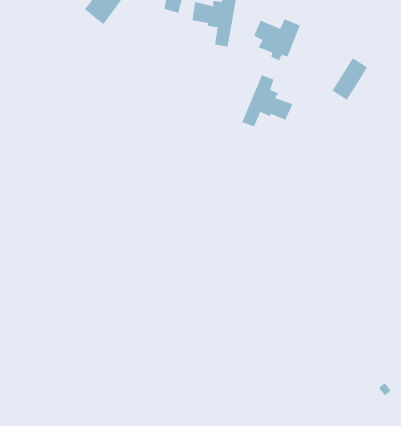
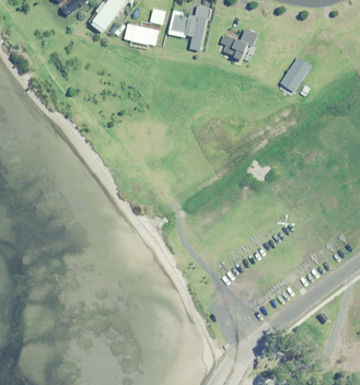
building: none -> [124,23,158,45]
building: [241,74,294,128] -> none

